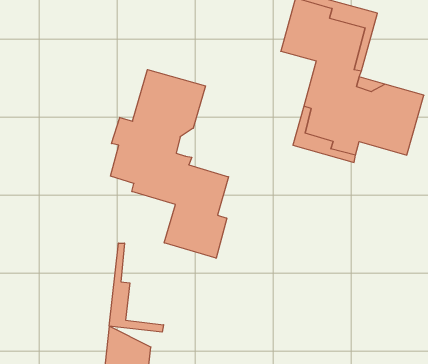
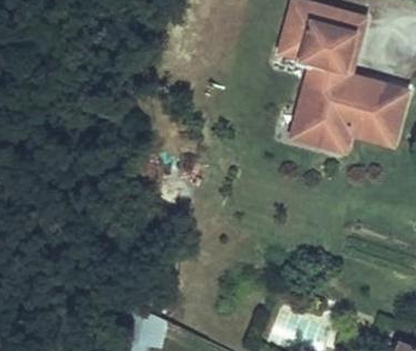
building: [111,70,229,258] -> none
building: [109,243,164,332] -> none

